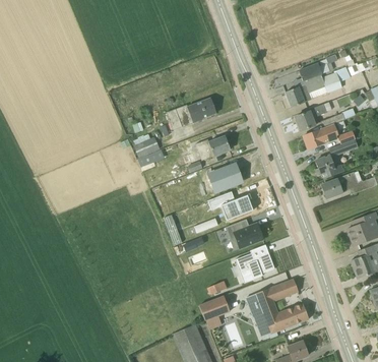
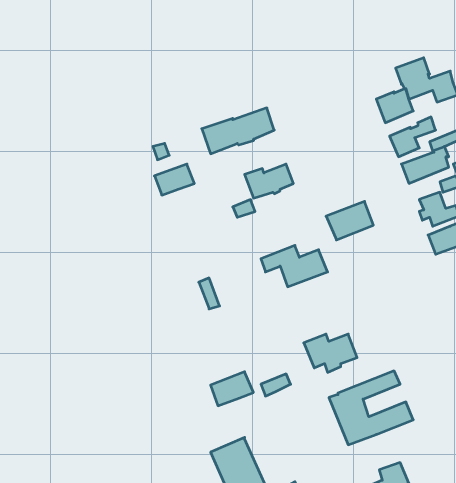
building: [208,165,241,191] -> [326,201,373,240]
building: [227,220,264,248] -> none
building: [200,297,230,320] -> [211,372,253,406]

